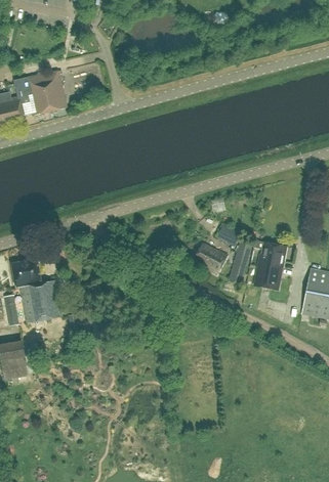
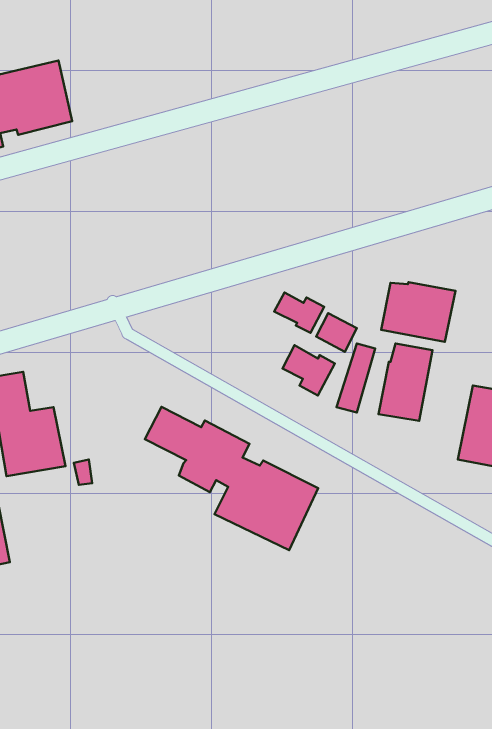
building: none -> [381,282,455,342]
building: none -> [274,293,324,333]
building: none -> [145,407,318,550]

